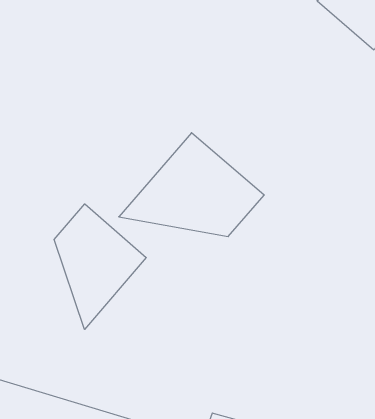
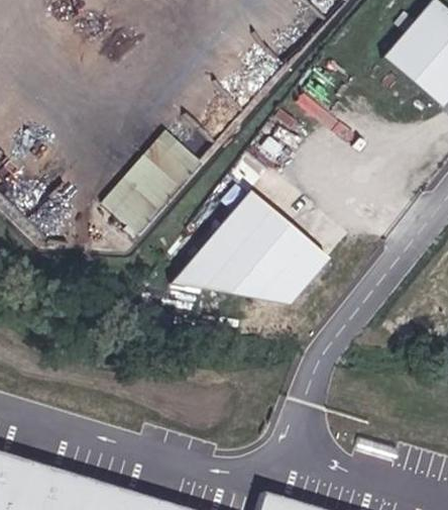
building: none -> [106,131,204,232]
building: [54,204,146,329] -> none

